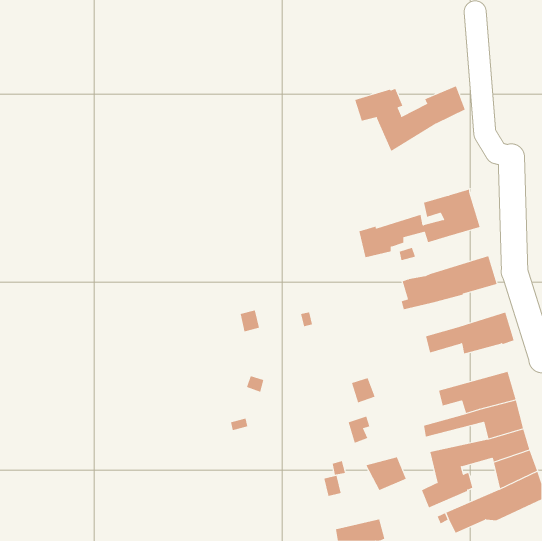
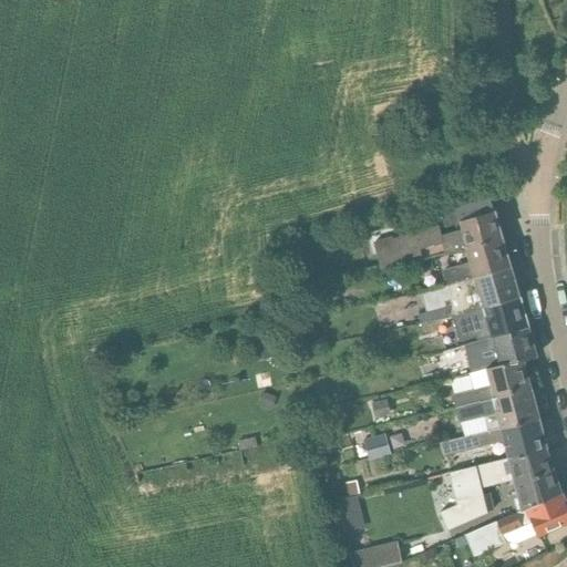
building: [355,86,466,152] -> none
building: none -> [443,237,511,286]
building: none -> [455,297,528,341]
building: none -> [454,359,530,408]
building: [366,457,407,491] -> none

